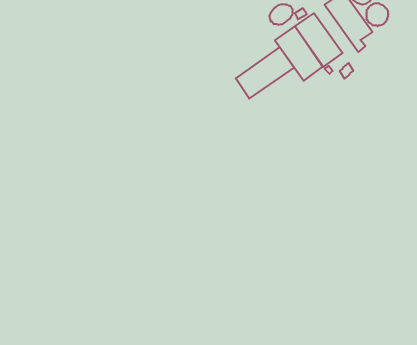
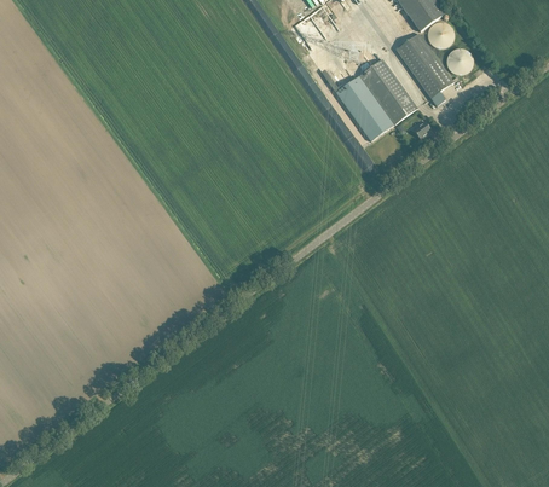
building: [270,4,293,25] -> none
building: [236,47,294,99] -> none

